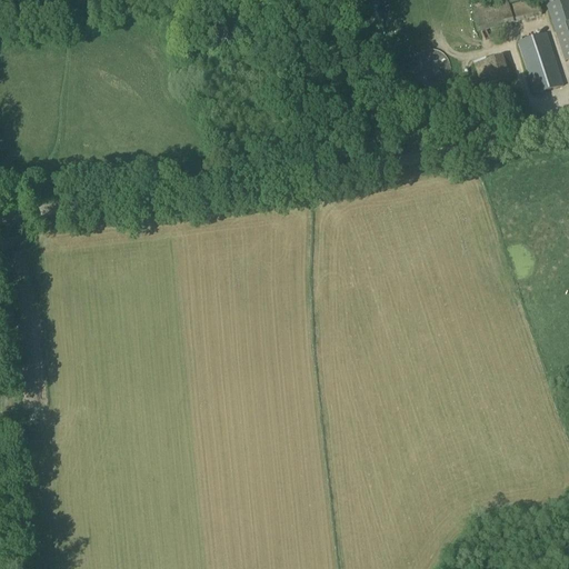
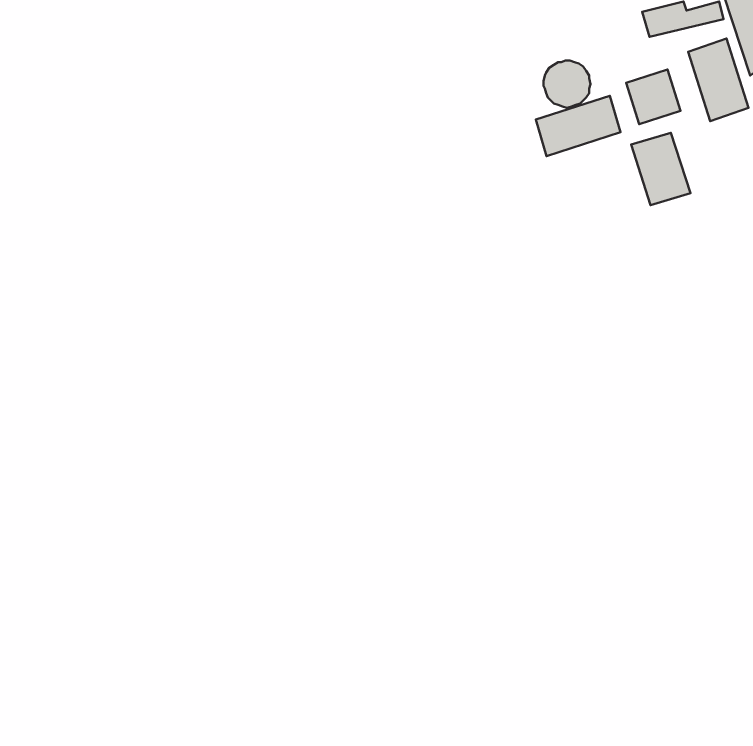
building: none -> [536,96,620,156]
building: none -> [631,133,690,205]

